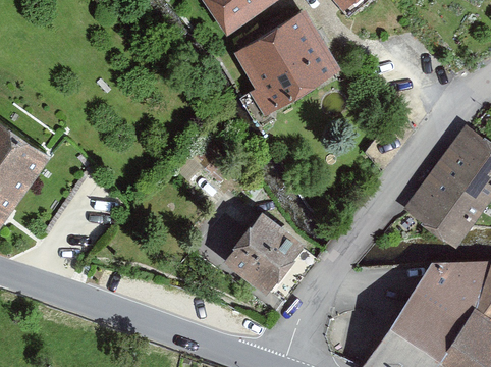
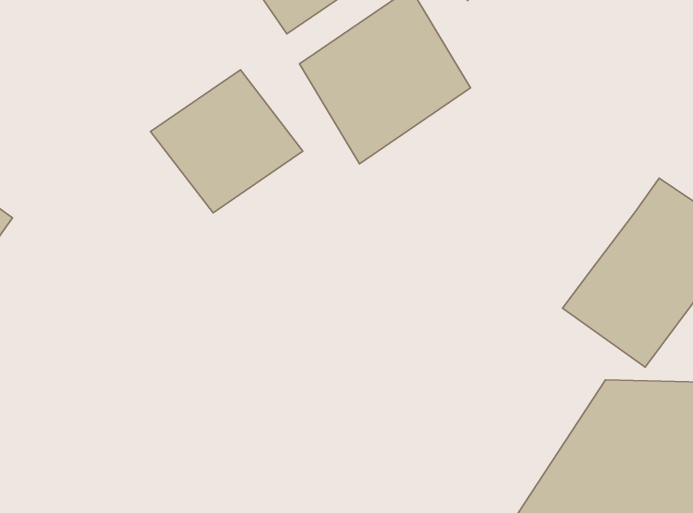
building: none -> [151,70,303,213]
building: [224,210,305,291] -> none

